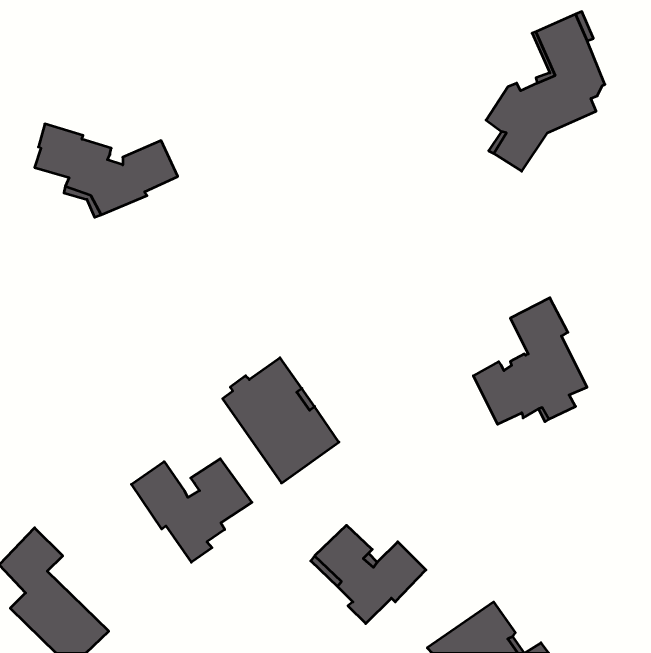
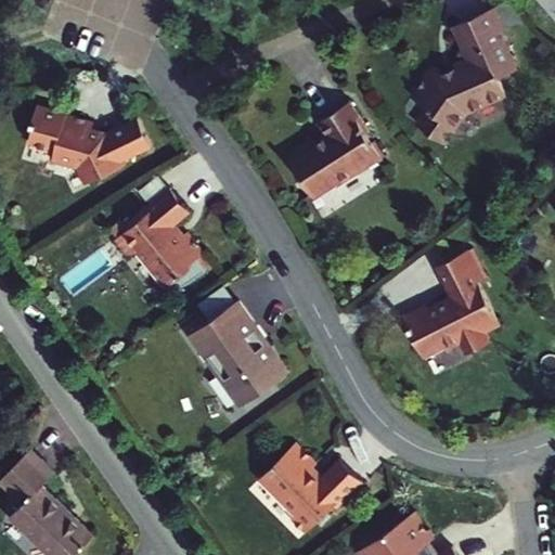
building: none -> [285,105,380,201]
building: none -> [112,194,199,294]
building: [131,459,252,562] -> none

